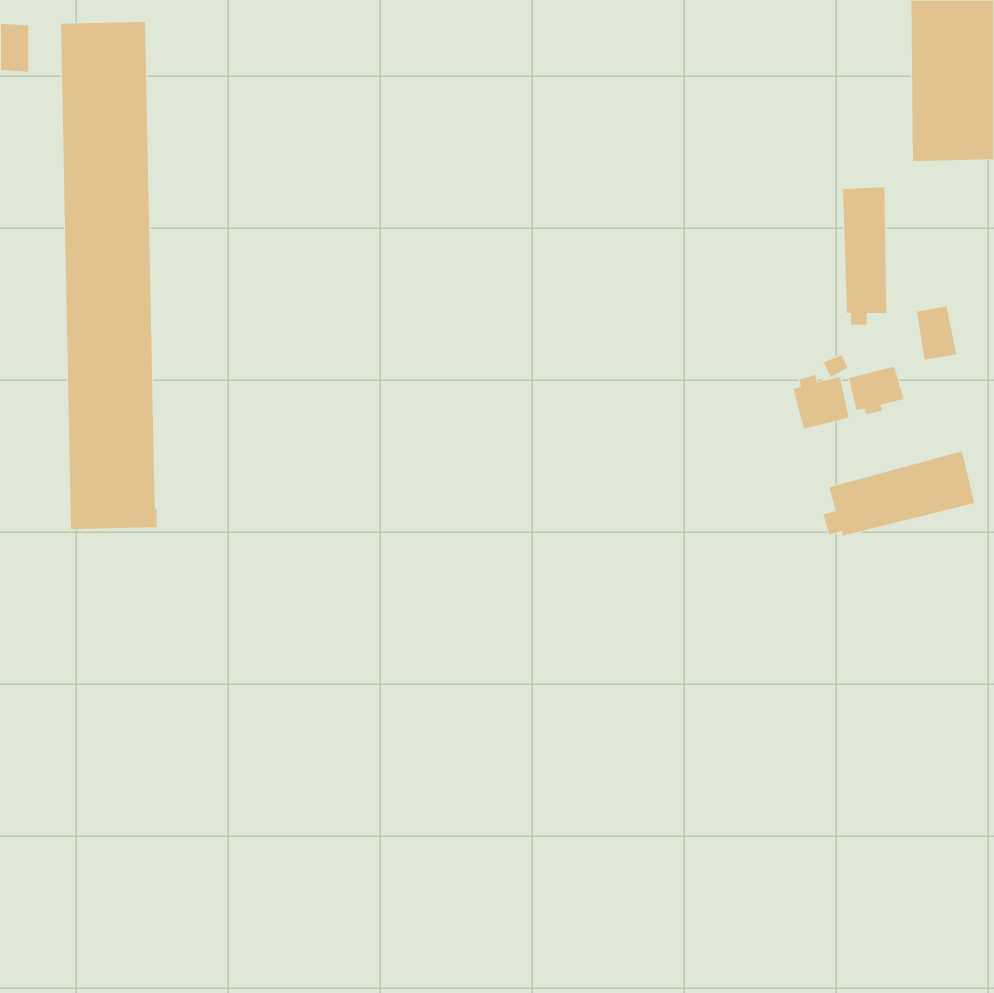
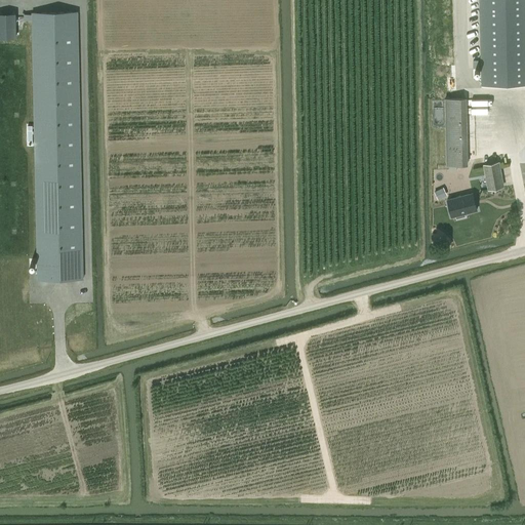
building: [793,374,849,430] -> none
building: [823,451,975,537] -> none

